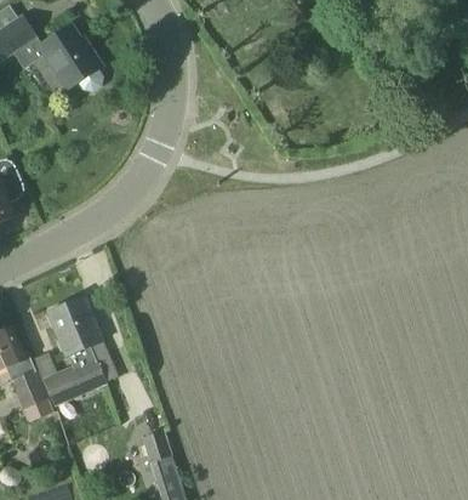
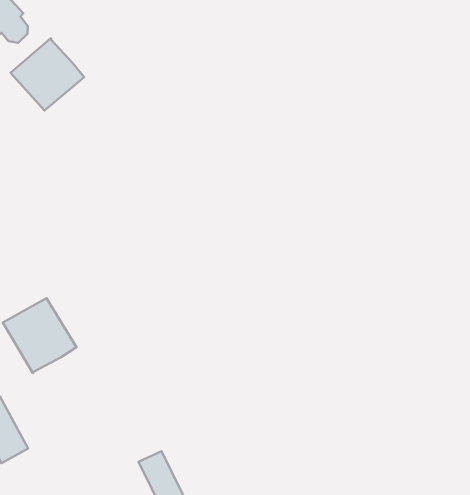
building: none -> [10,38,84,111]
building: [46,343,107,403] -> none

